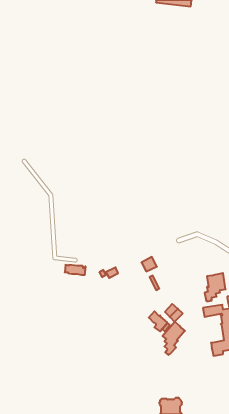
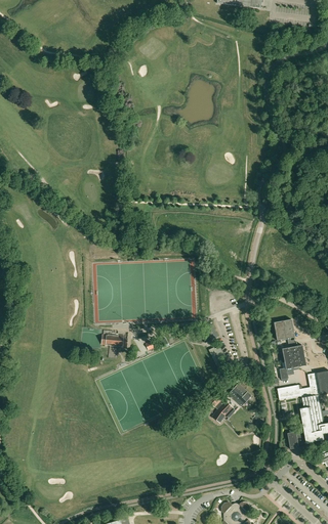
building: none -> [274,319,295,348]
building: [163,321,185,355] -> none

